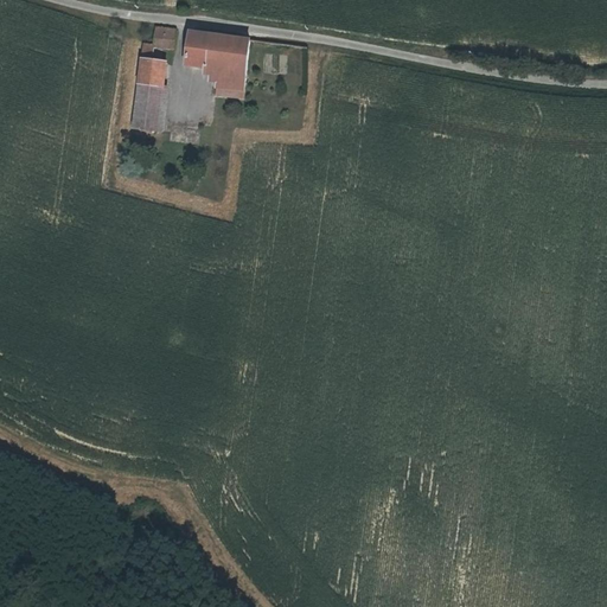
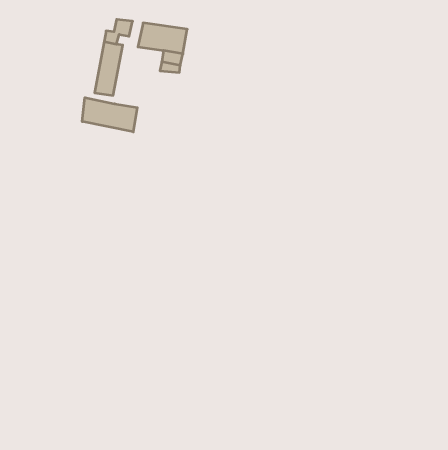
building: none -> [82,98,137,132]

